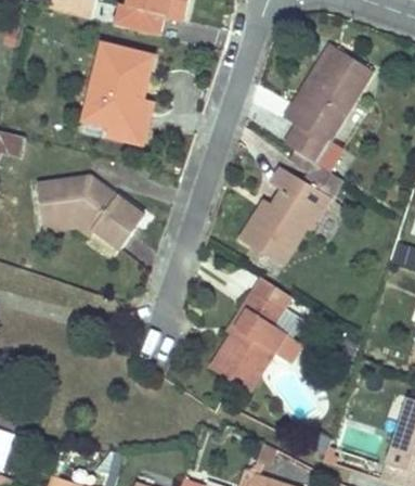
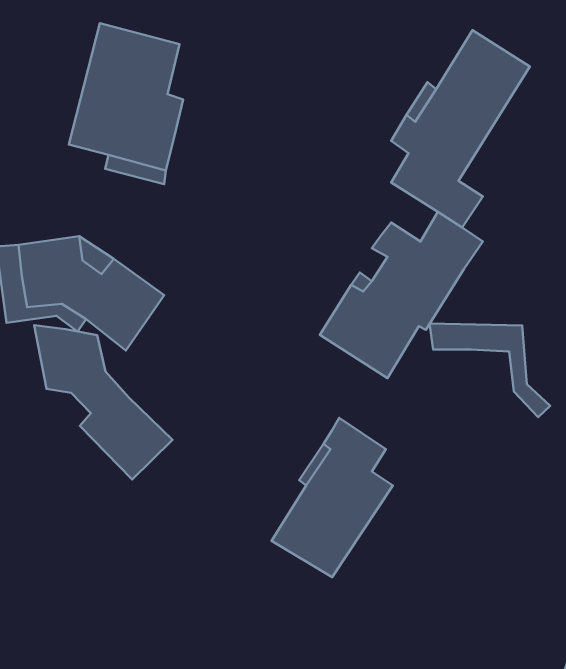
building: none -> [430,323,550,417]
building: none -> [34,325,173,479]

